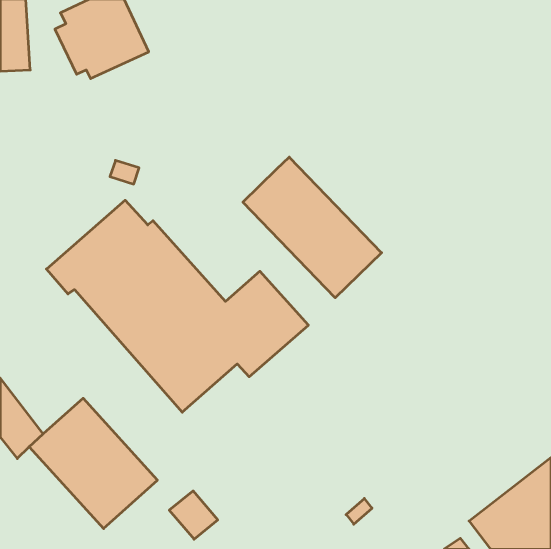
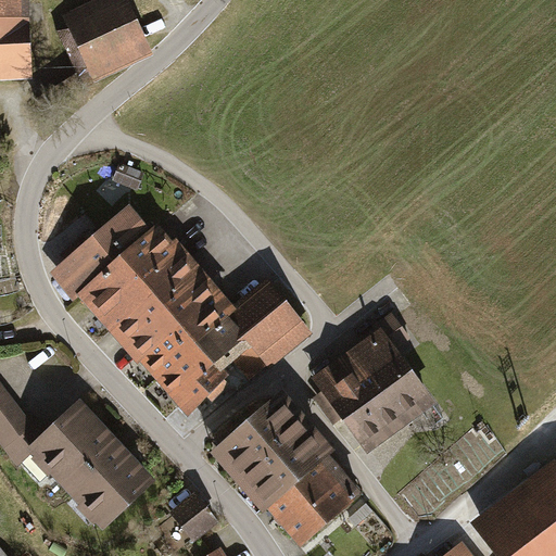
building: [243,157,382,298] -> none
building: none -> [308,315,435,453]
building: none -> [206,389,361,545]

